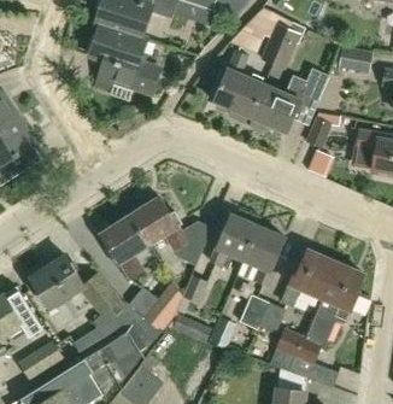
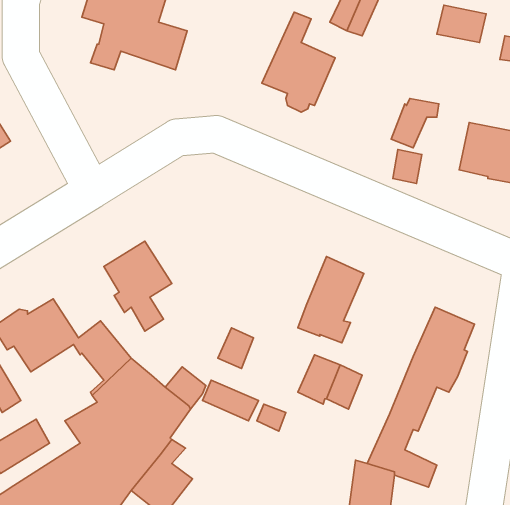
building: [251,69,330,133] -> none
building: [130,195,211,265] -> none
building: [211,213,259,268] -> none
building: [282,248,336,305] -> none
building: [269,328,304,371] -> none

